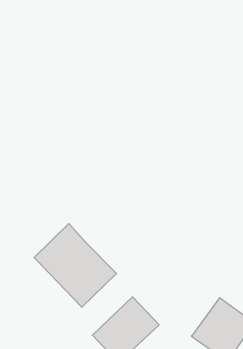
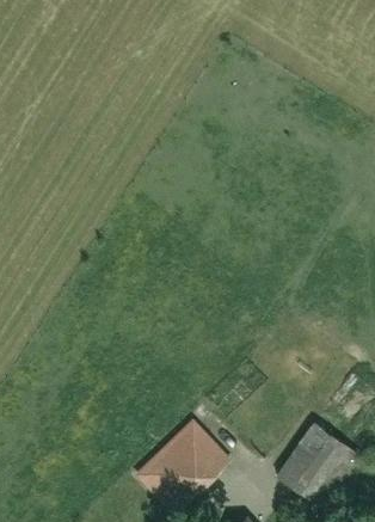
building: [34,224,116,307] -> none

